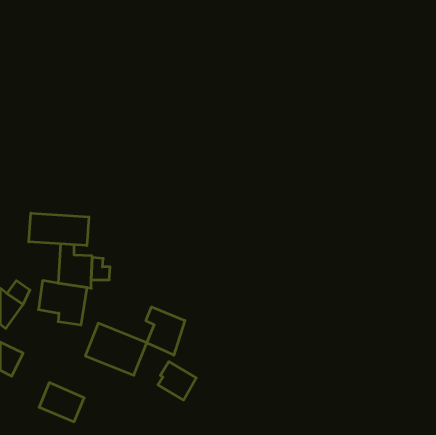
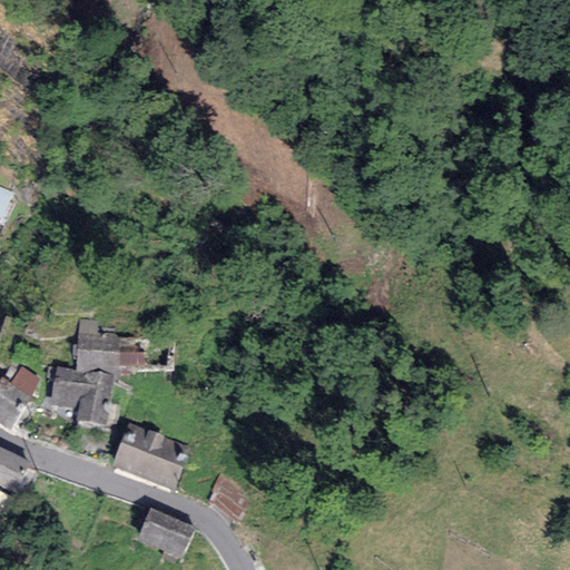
building: [29,213,89,246] -> none
building: [146,307,185,355] -> none
building: [39,383,84,422] -> [136,507,195,558]

